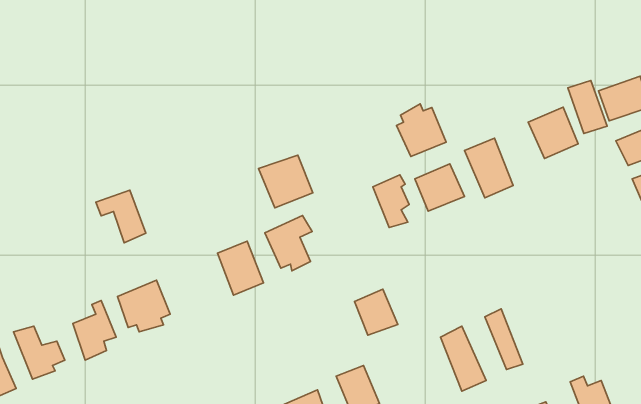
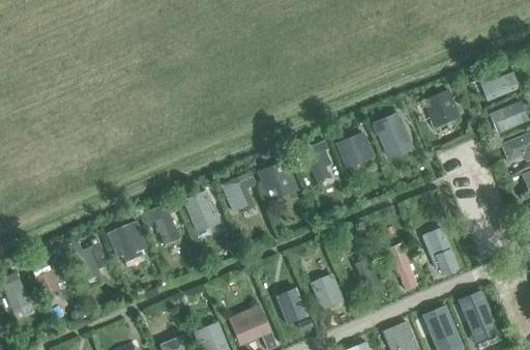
building: [568,80,607,134] -> none
building: [397,104,446,157] -> none
building: [259,155,313,208] -> [258,161,299,201]
building: [96,190,146,243] -> [141,204,179,244]
building: none -> [421,227,460,274]
building: [354,289,398,335] -> [312,274,345,310]

